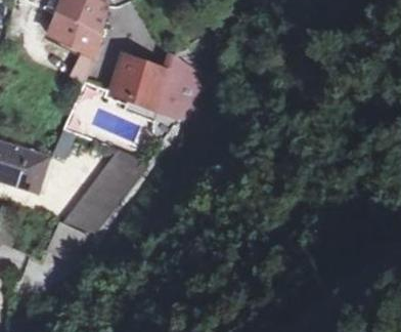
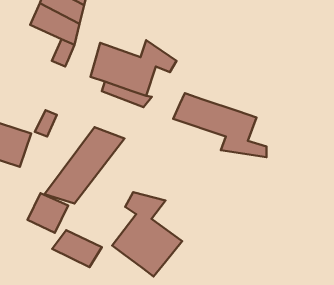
building: none -> [173,93,267,157]
building: none -> [112,192,182,277]
building: none -> [52,230,102,267]

